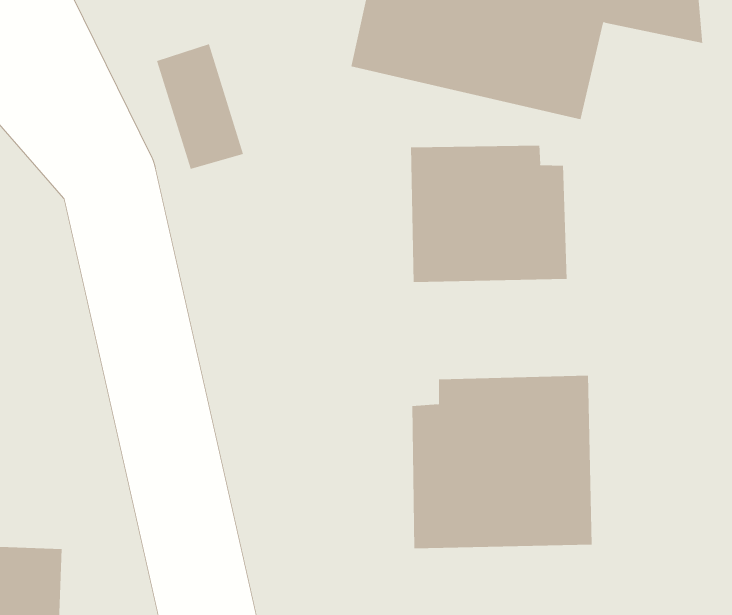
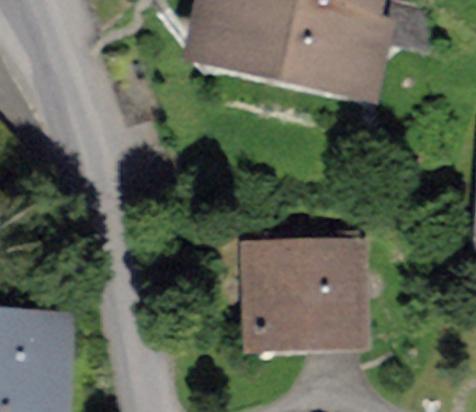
building: [411,145,567,283] -> none

